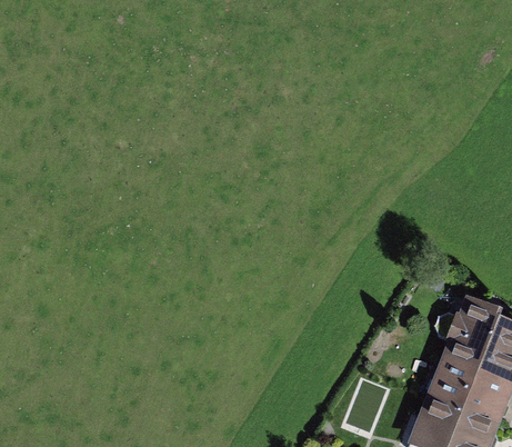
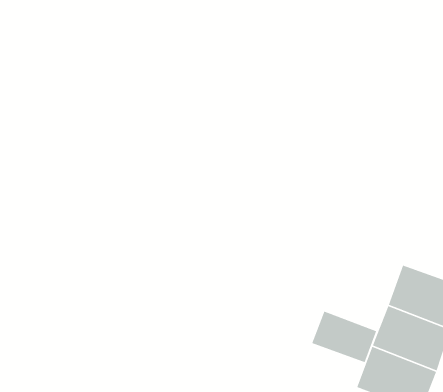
building: none -> [311,310,377,363]

